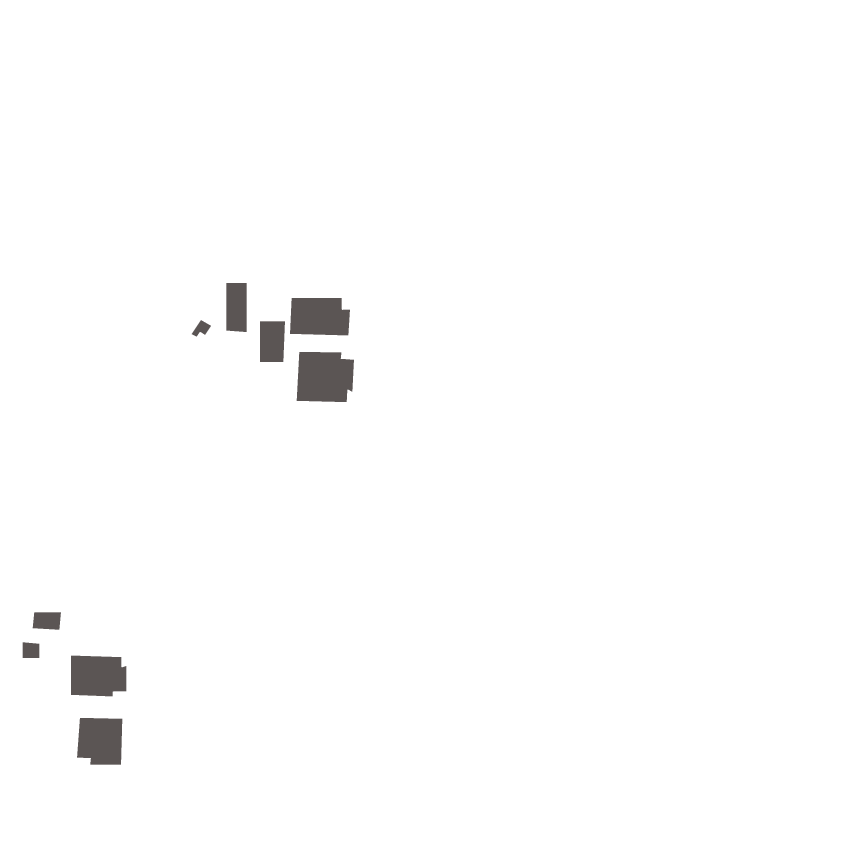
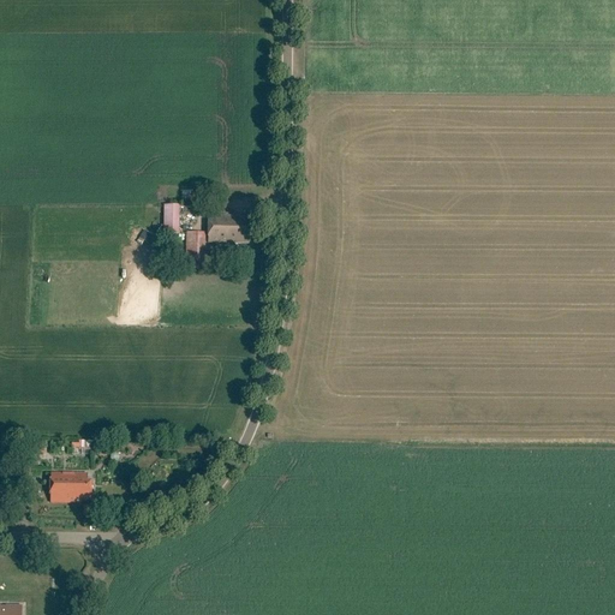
building: [296,351,355,403] -> none
building: [76,717,123,766] -> none

